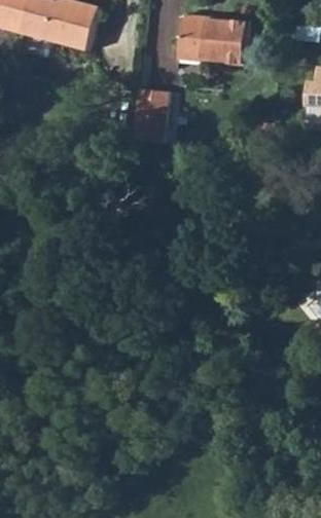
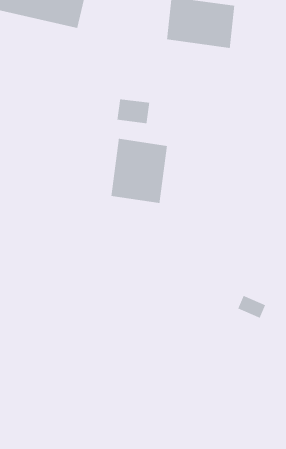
building: [134,92,168,124] -> none
building: none -> [111,138,168,204]

